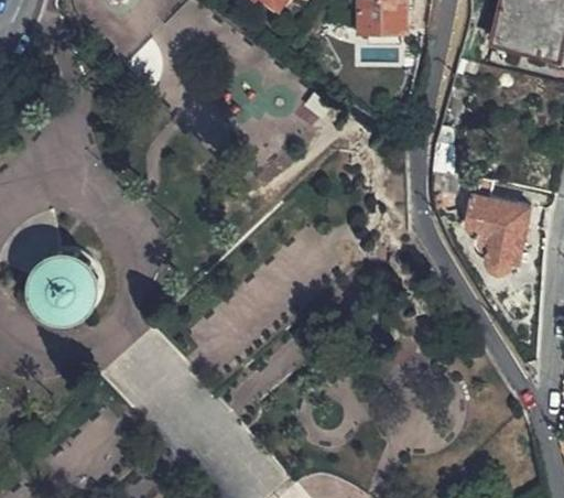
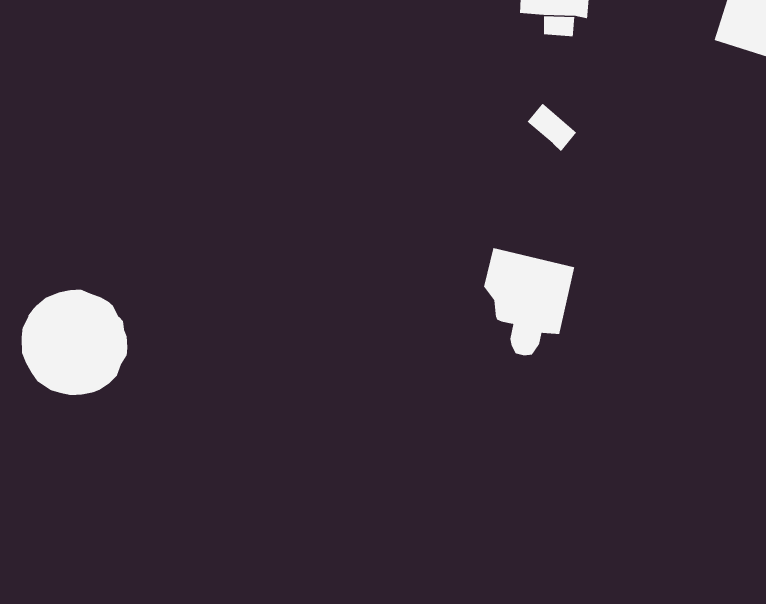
building: [465,198,527,271] -> [483,247,575,356]

